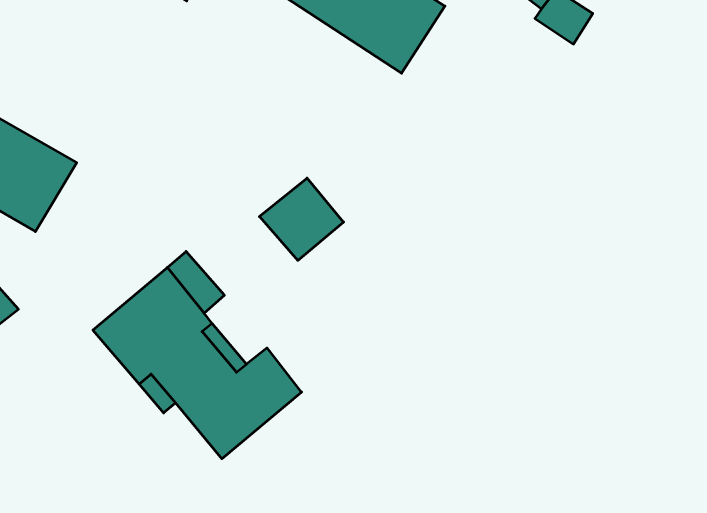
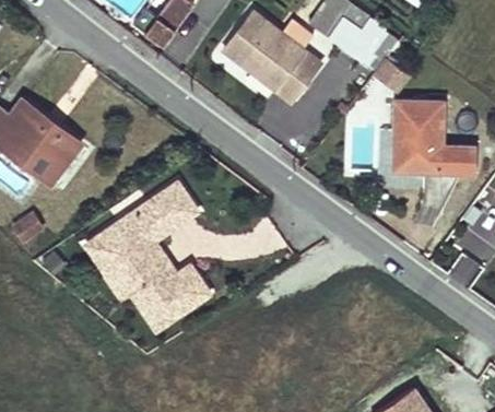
building: none -> [391,105,462,176]
building: [259,178,344,260] -> [150,180,200,229]

